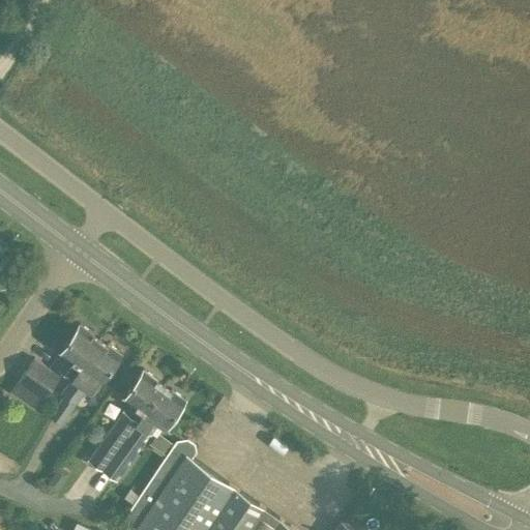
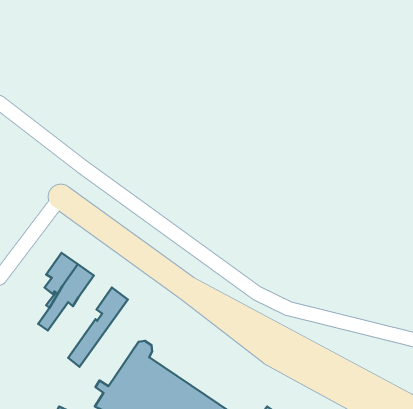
building: [17,361,60,404] -> none
building: [101,389,184,485] -> none

